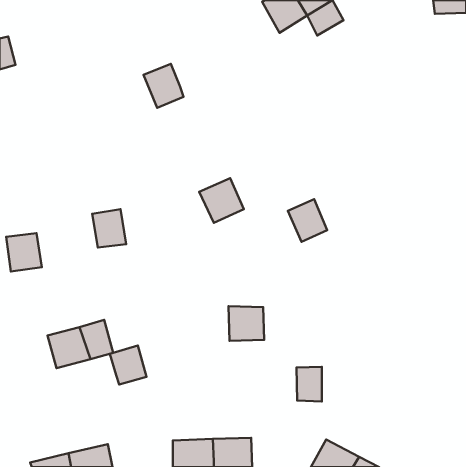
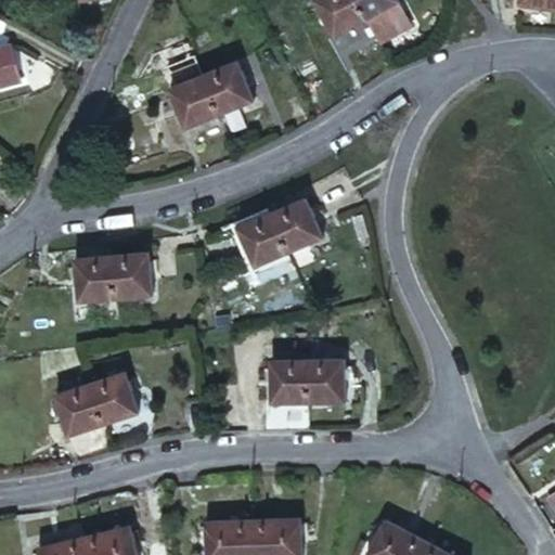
building: none -> [203,62,253,115]
building: [288,199,327,242] -> [273,197,320,248]
building: [6,233,42,272] -> [74,254,116,299]
building: [110,346,147,384] -> none
building: [296,367,322,401] -> [312,363,343,404]

